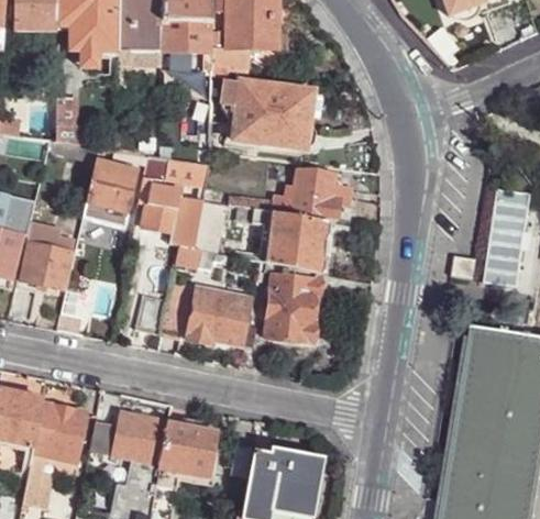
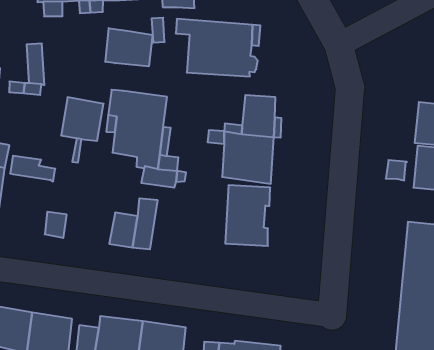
building: none -> [105,28,153,66]
building: [21,243,70,289] -> none
building: [187,288,250,343] -> none

